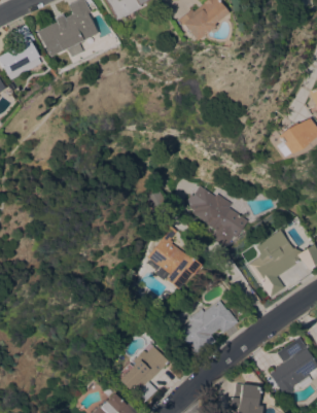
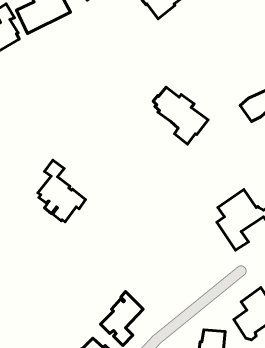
building: [189,184,250,247] -> [153,87,208,144]
building: [150,220,203,288] -> [38,160,86,222]
building: [182,300,240,355] -> none

